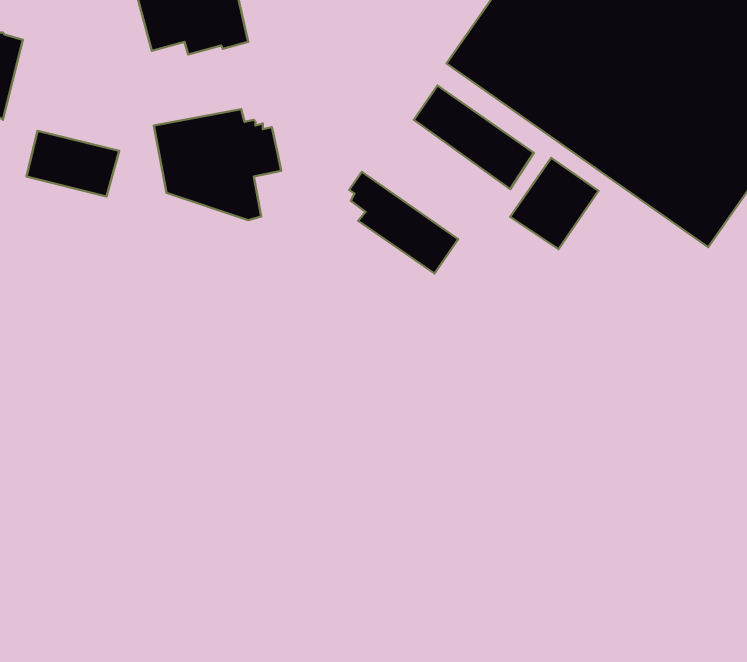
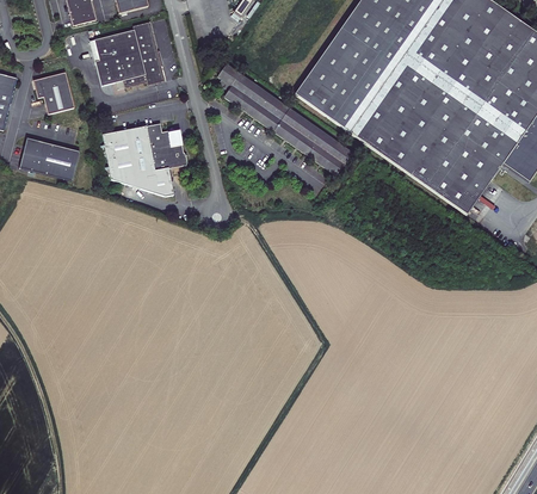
building: none -> [35,72,74,113]
building: [510,158,598,249] -> none
building: [349,172,458,274] -> [217,63,289,130]

